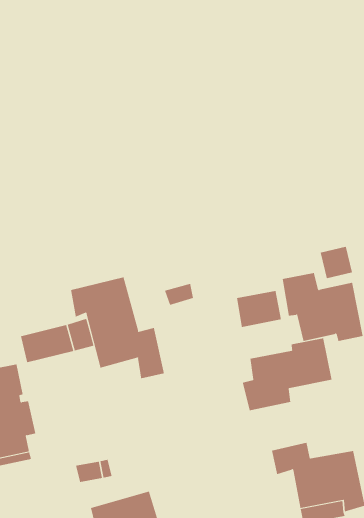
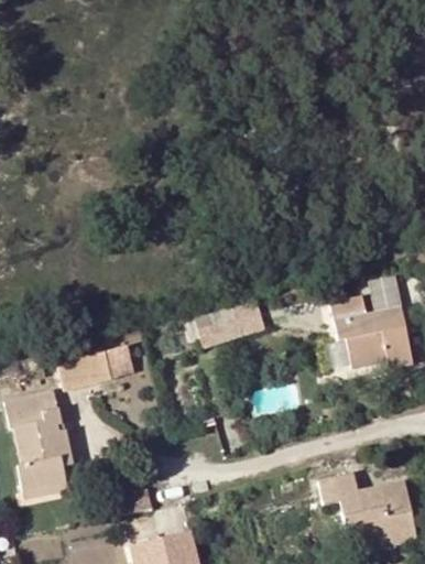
building: [70,277,165,379] -> none
building: [236,290,282,328] -> none
building: [242,337,332,411] -> none

